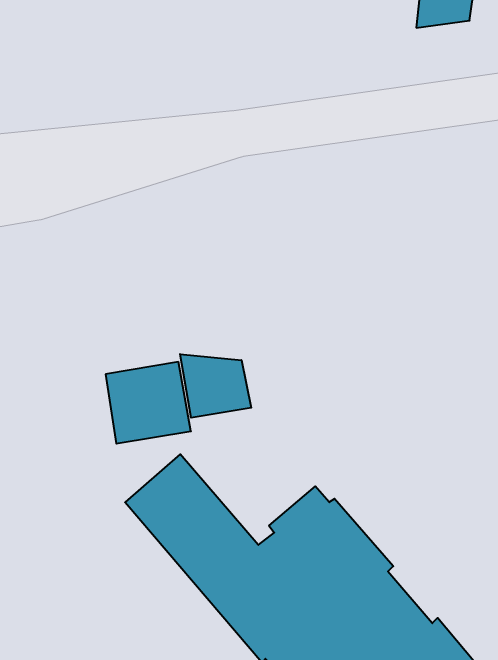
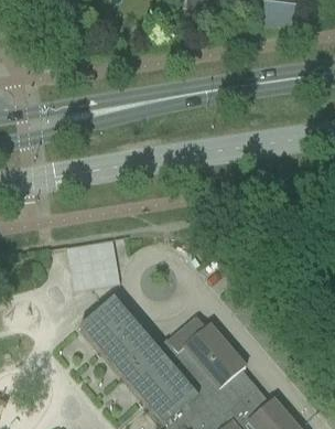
building: [180,354,251,418] -> none

